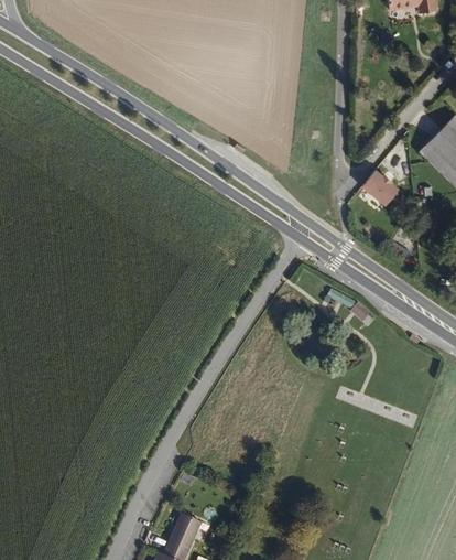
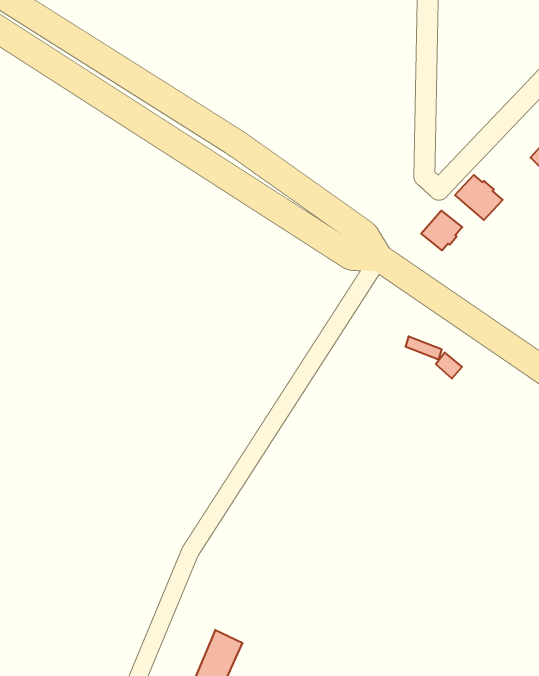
building: none -> [421,211,462,250]

